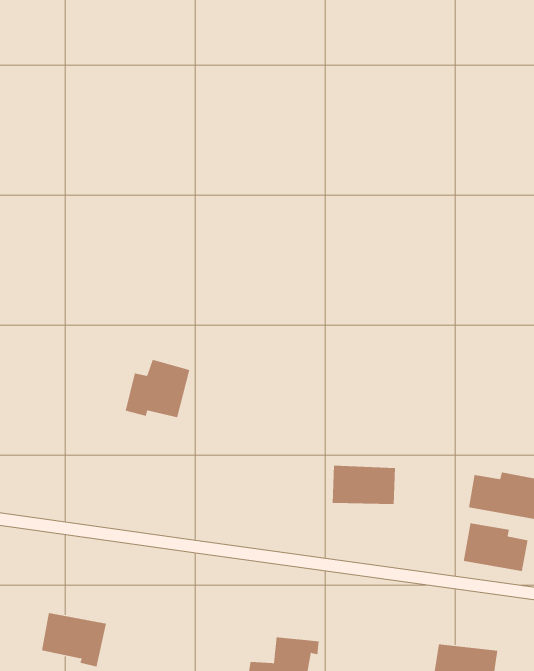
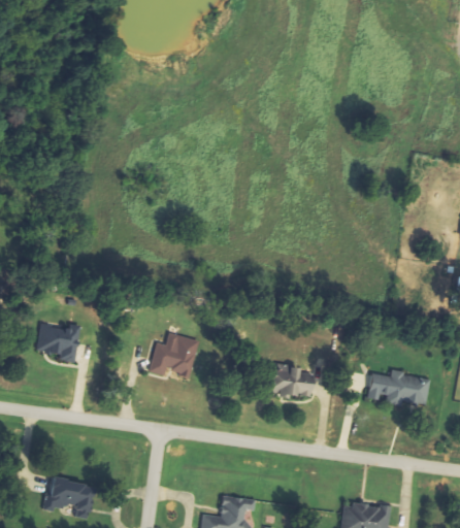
building: [125,359,190,418] -> [150,332,199,376]
building: none -> [37,325,80,360]
building: [463,523,528,572] -> none

